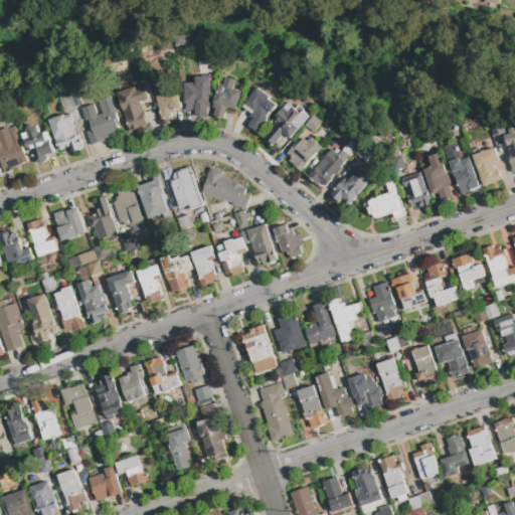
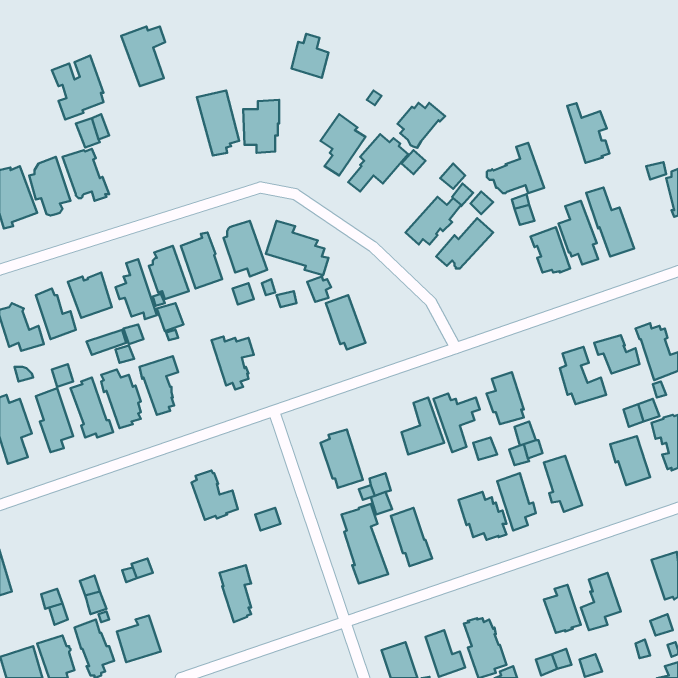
building: [213,76,241,110] -> [291,34,329,78]
building: [116,85,149,131] -> [121,26,165,86]
building: [80,97,120,145] -> [52,56,104,119]
building: [286,137,322,171] -> [397,103,445,148]
building: [469,141,501,186] -> [567,103,610,163]
building: [362,180,405,218] -> [487,143,544,193]
building: [272,224,302,258] -> none
building: [216,237,245,276] -> none
building: [190,245,216,287] -> none
building: [136,264,161,304] -> none
building: [389,273,427,310] -> none
building: [273,312,306,352] -> none
building: [434,331,469,377] -> none
building: [175,345,204,384] -> none
building: [118,363,147,401] -> none
building: [315,372,354,418] -> none
building: [95,373,123,419] -> none
building: [59,384,97,426] -> none
building: [29,396,59,440] -> none
building: [195,402,227,463] -> none
building: [4,405,32,444] -> none
building: [466,425,497,466] -> none
building: [378,455,407,499] -> none
building: [114,456,148,486] -> none

